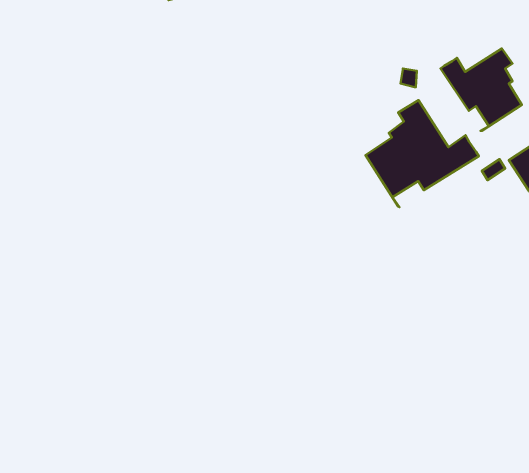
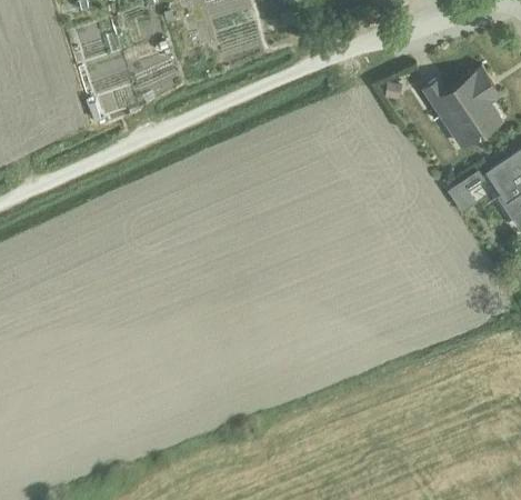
building: [366,100,479,207] -> none

